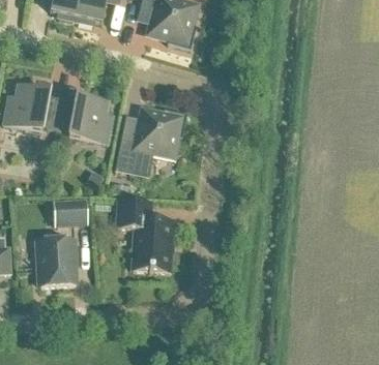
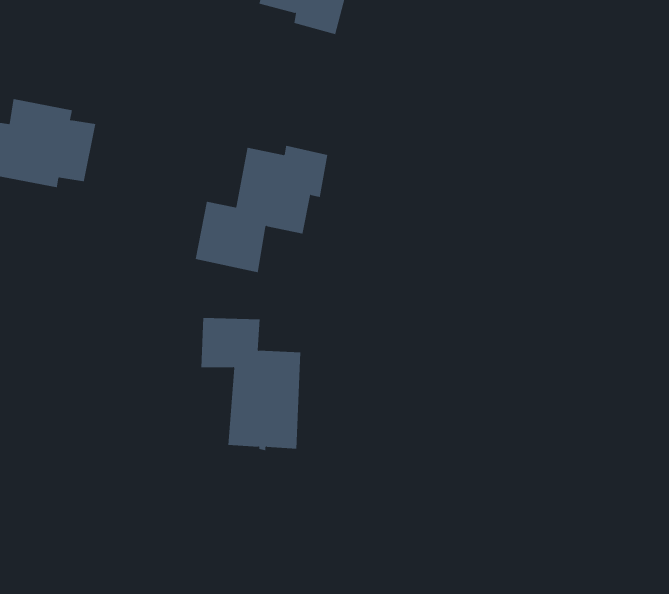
building: [56,94,113,143] -> none
building: [53,197,88,225] -> none
building: [38,237,77,284] -> none

